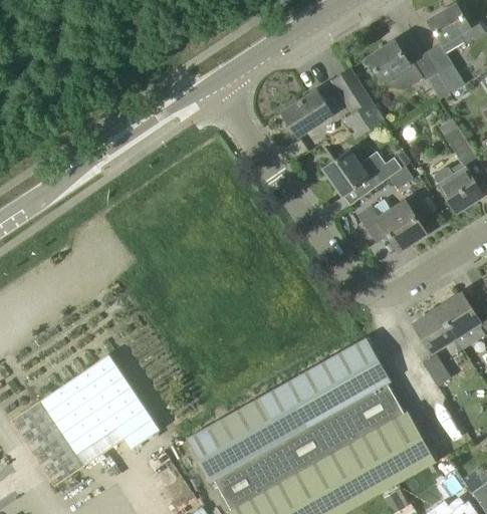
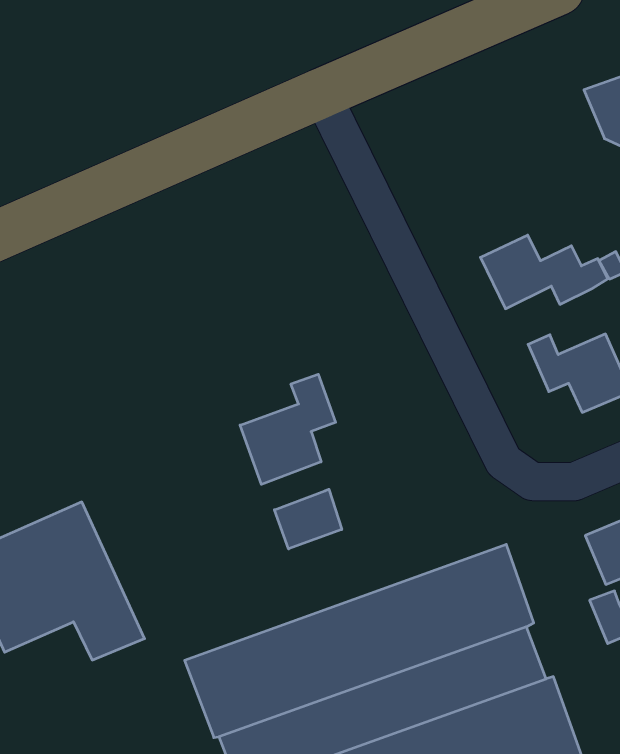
building: [330,69,385,140] -> none
building: [282,91,331,137] -> none
building: none -> [240,374,336,484]
building: none -> [274,489,342,549]

